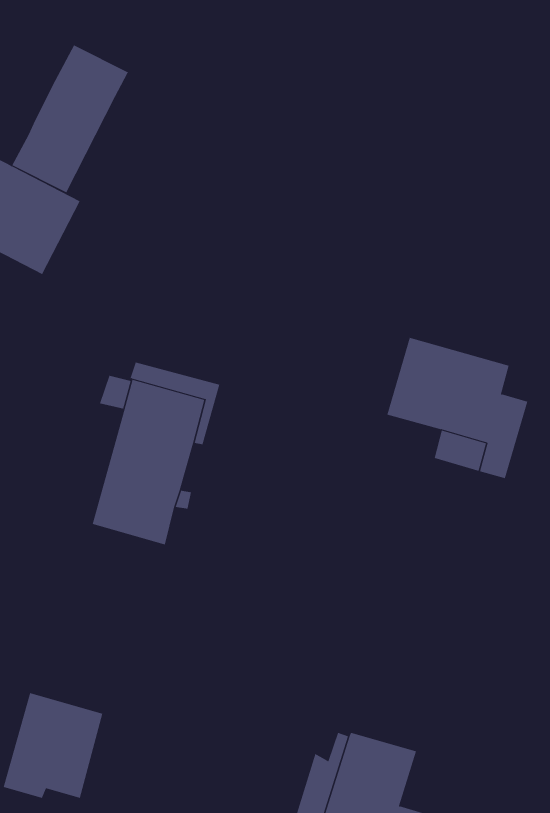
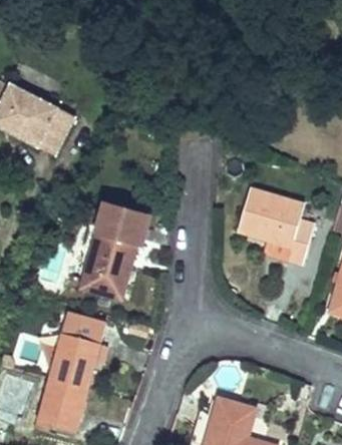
building: [11,44,129,193] -> none
building: none -> [49,313,108,388]

